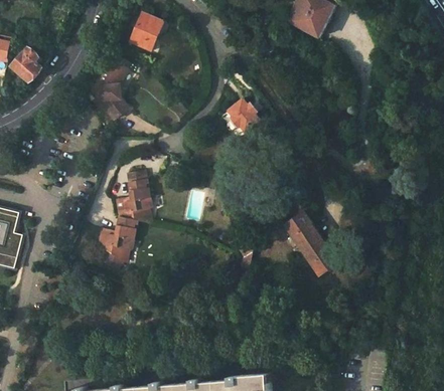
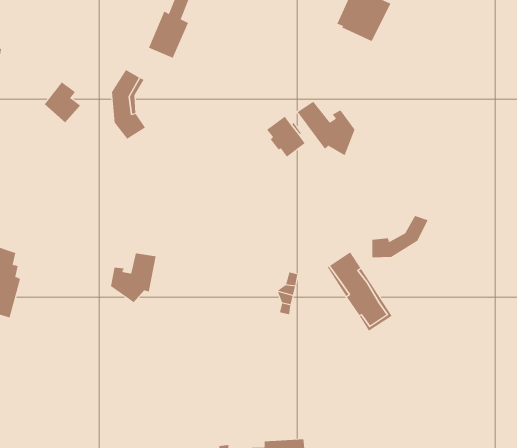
building: [11,50,42,85] -> [44,82,81,123]
building: none -> [297,101,355,156]
building: [117,171,151,221] -> none
building: none -> [372,215,428,258]

